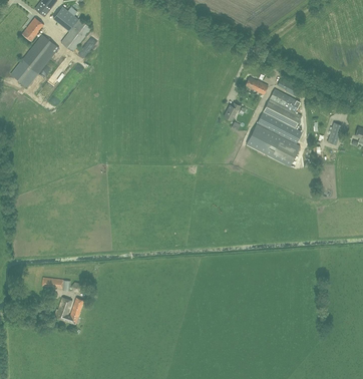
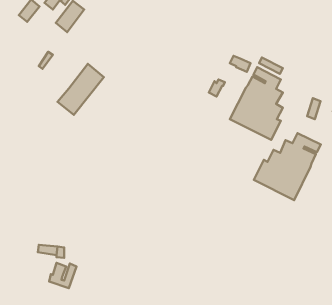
building: [10,34,59,88] -> [58,64,104,115]
building: none -> [254,133,321,200]

